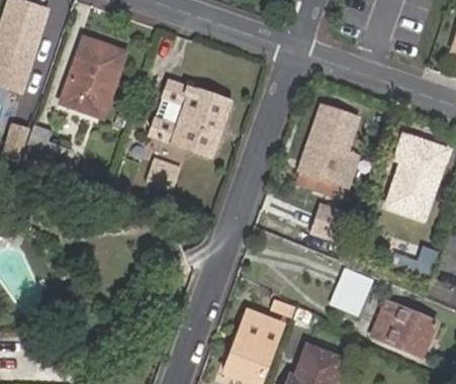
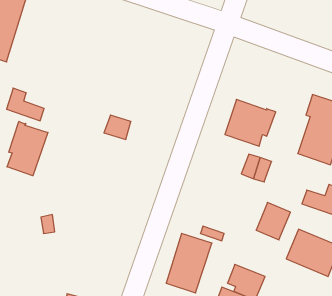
building: [60,35,127,118] -> none
building: [149,80,233,159] -> none
building: [309,107,357,153] -> none
building: none -> [7,121,48,176]

